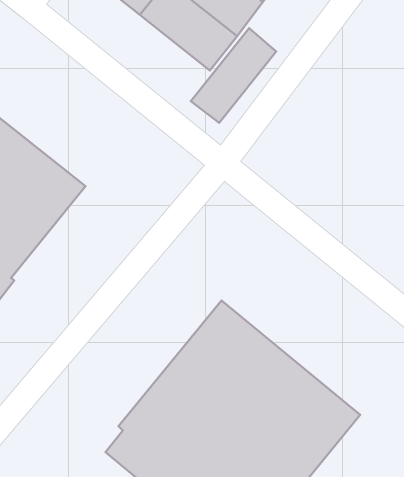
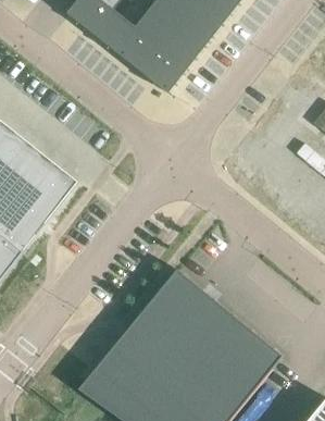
building: [191,28,276,123] -> none

